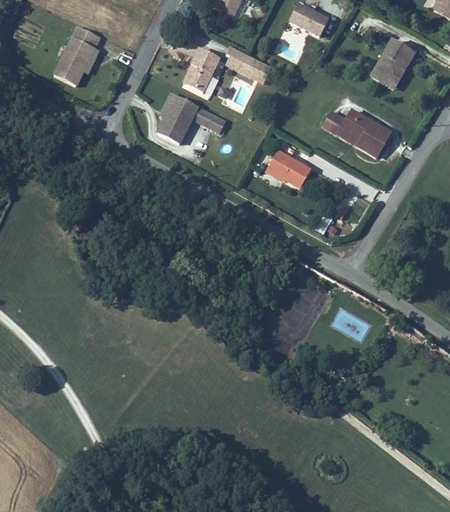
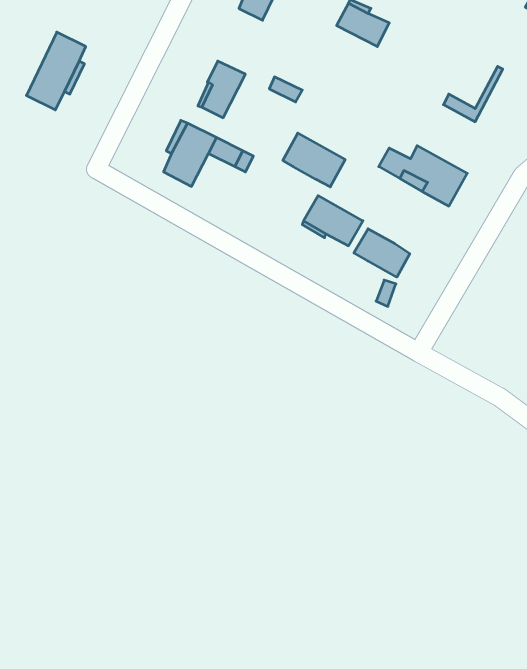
building: [374,41,411,83] -> none
building: none -> [283,133,345,187]
building: none -> [354,229,410,277]

